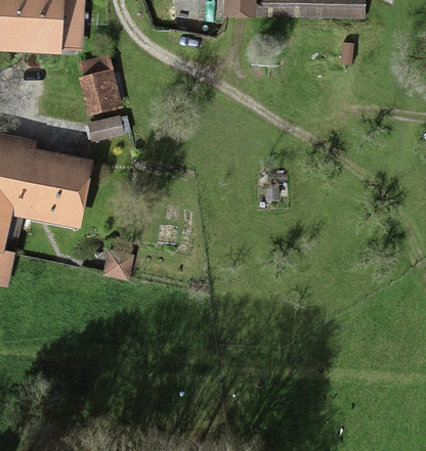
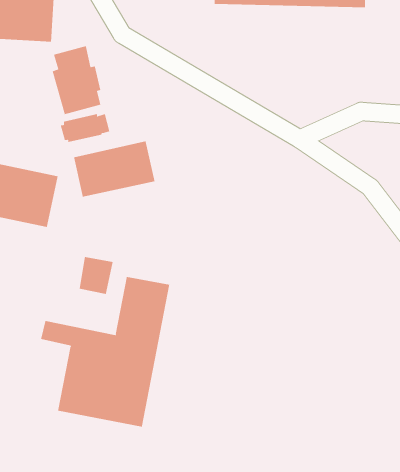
building: none -> [73,141,155,197]
building: none -> [41,276,170,427]

